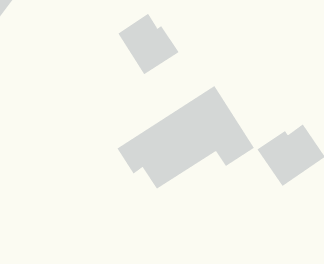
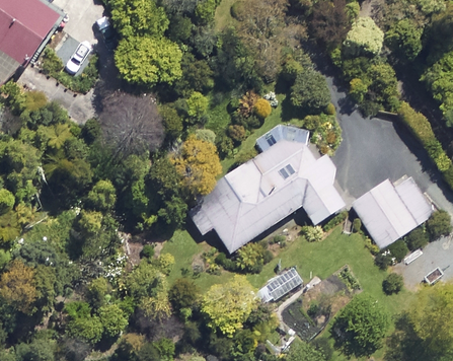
building: [117,13,179,75] -> none

